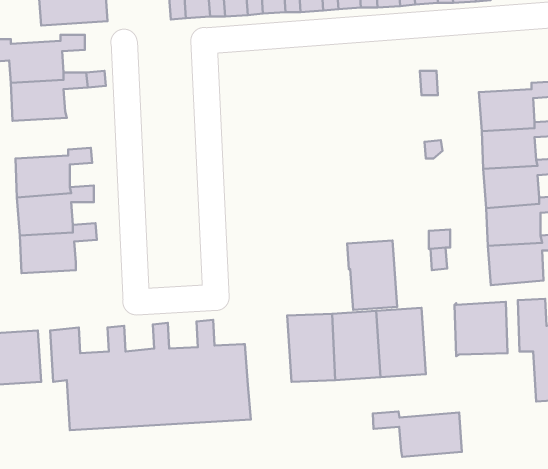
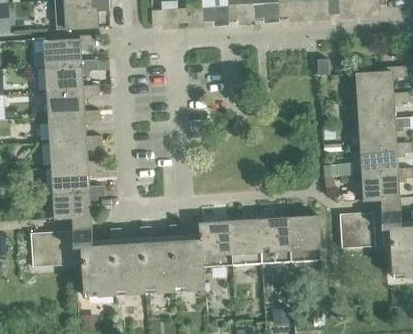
building: none -> [46,85,97,117]
building: [347,240,397,310] -> [198,221,231,267]
building: none -> [52,185,103,219]
building: [373,412,462,457] -> none

